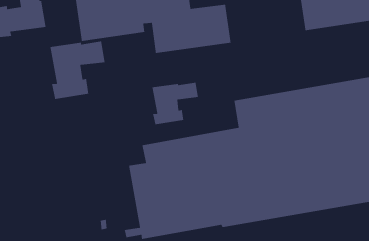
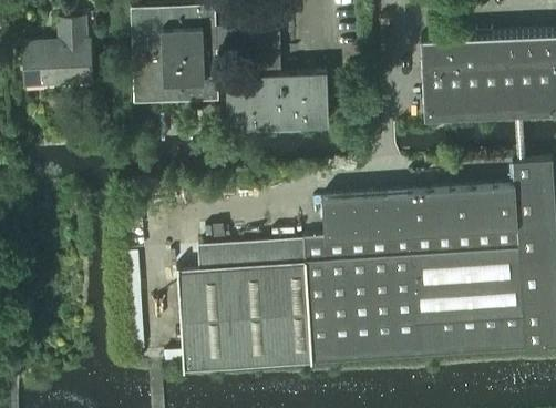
building: [50,41,105,100] -> none
building: [151,82,199,125] -> none

